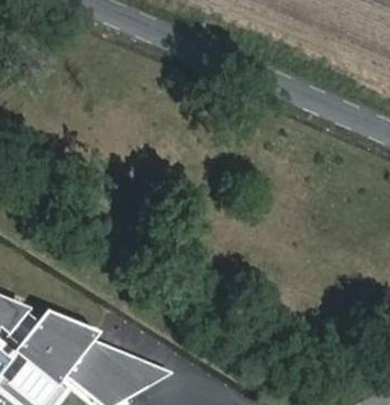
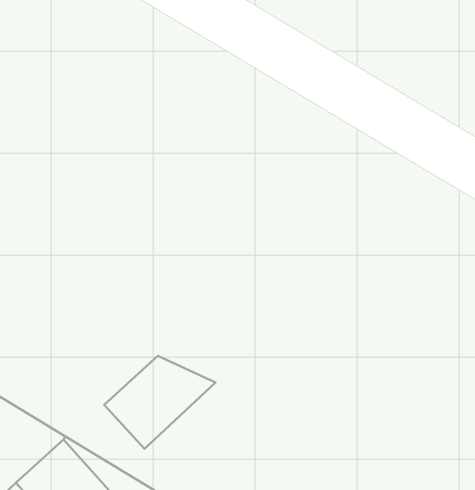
building: none -> [104,356,216,449]

